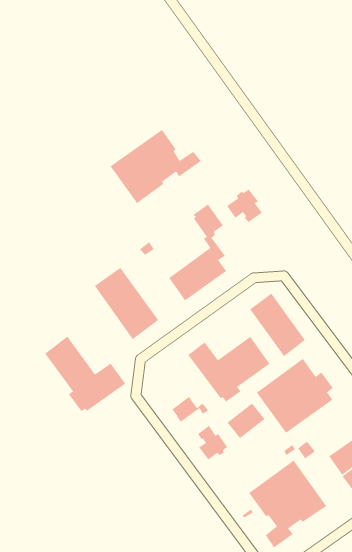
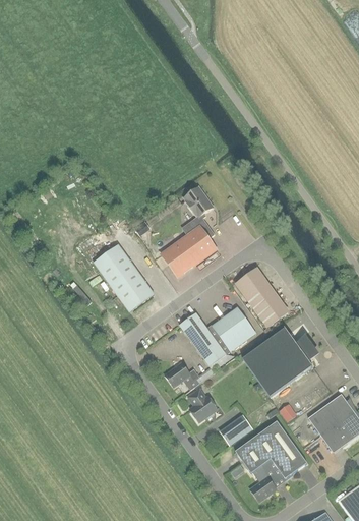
building: [109,129,202,204] -> none
building: [226,188,263,223] -> none
building: [44,336,126,412] -> none
building: [227,402,266,439] -> [215,412,250,446]

